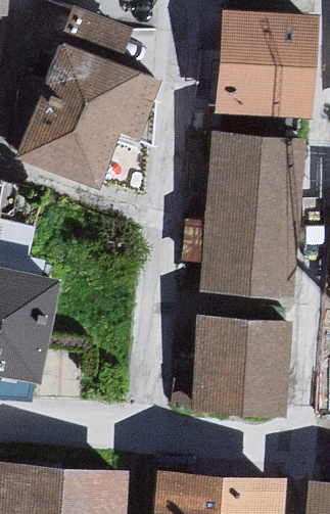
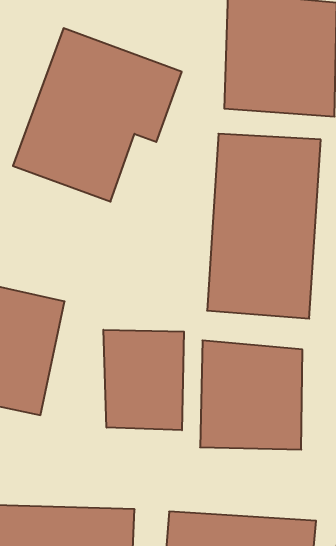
building: none -> [103,330,184,430]

